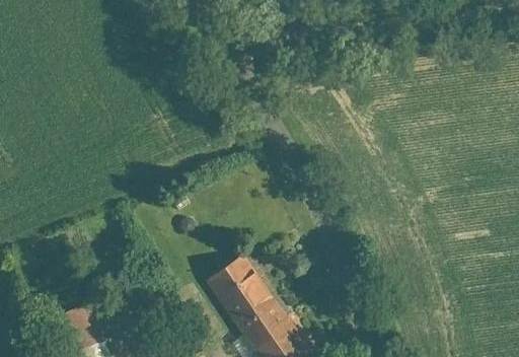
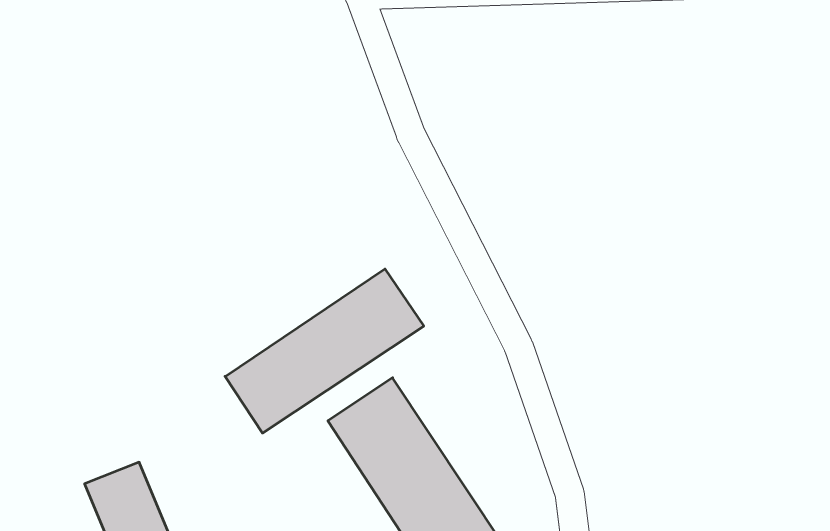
building: none -> [225,269,424,433]

